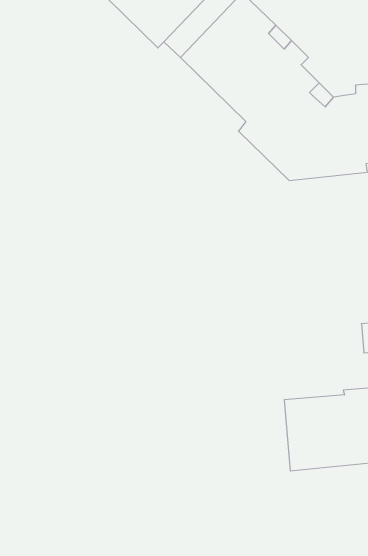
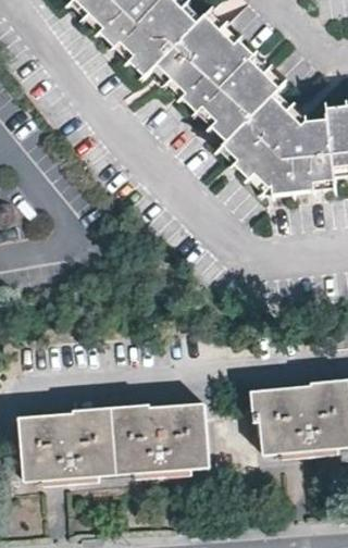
building: none -> [18,402,208,479]

